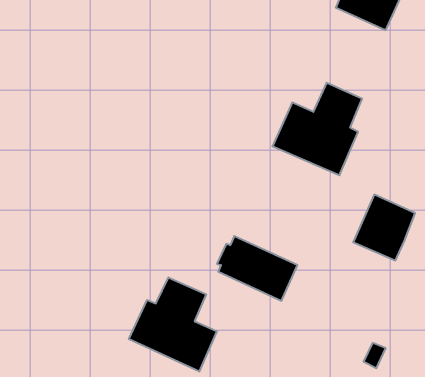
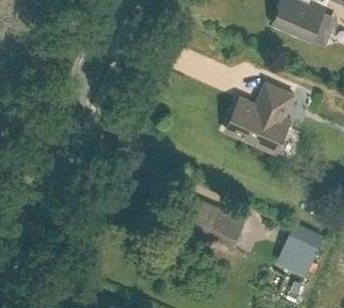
building: [353,195,415,261] -> [278,220,325,270]
building: [129,277,217,372] -> none

